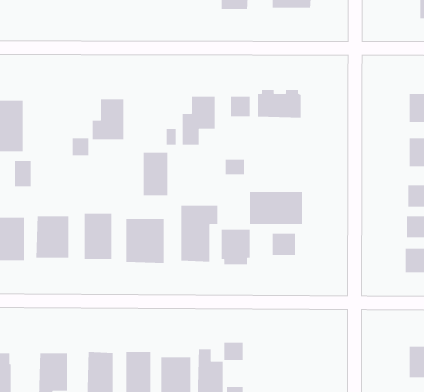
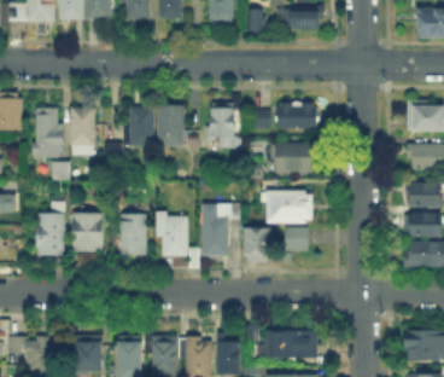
building: none -> [71,109,95,156]
building: none -> [274,145,319,172]
building: [143,152,168,196] -> [159,108,182,147]
building: none -> [265,331,317,359]

